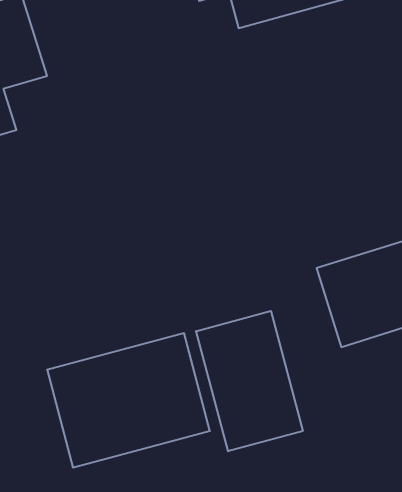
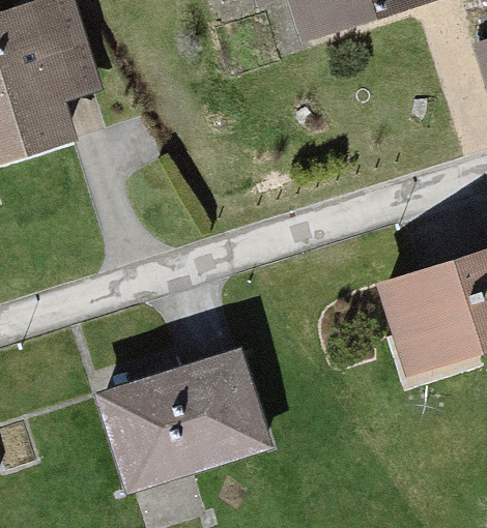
building: [196,311,303,451] -> none

